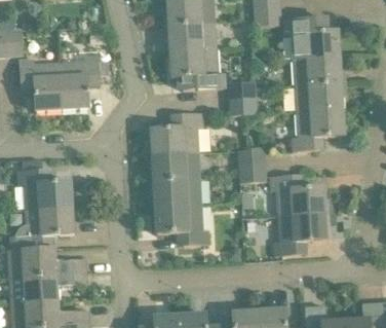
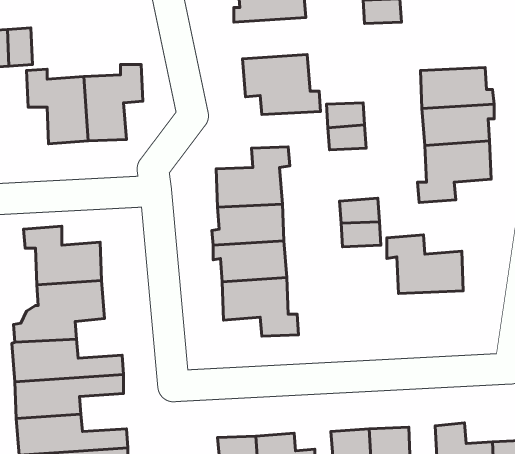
building: [285,17,340,59] -> none
building: [164,22,216,50] -> none
building: [274,213,326,255] -> none

